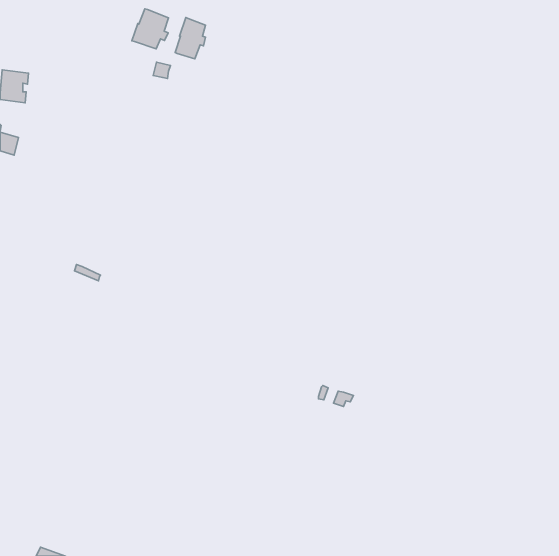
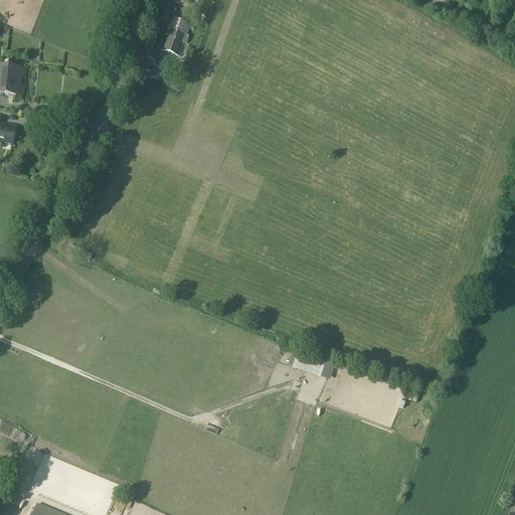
building: [132,9,168,49] -> none

